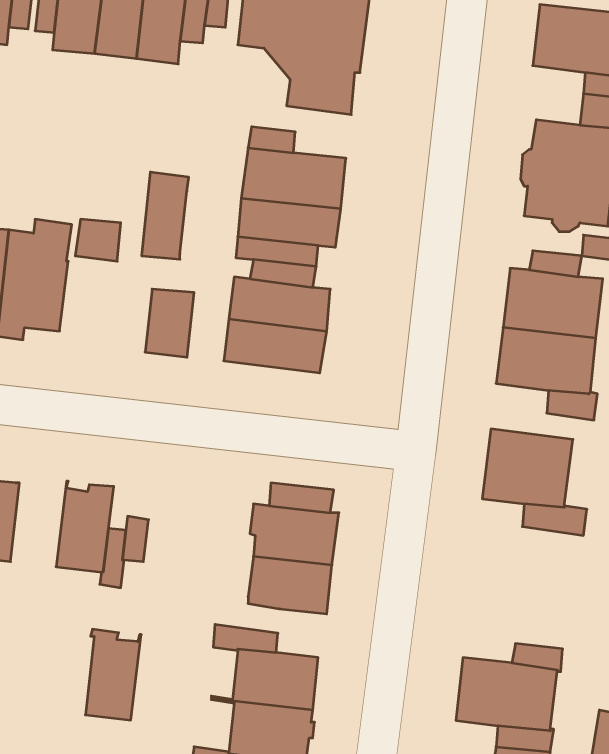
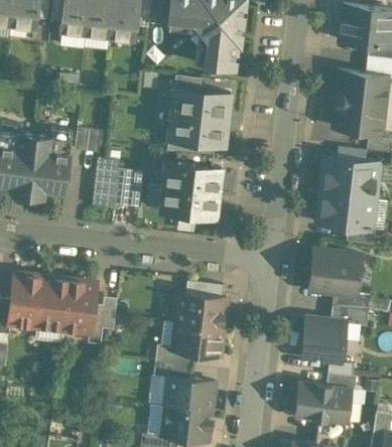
building: [142,172,189,259] -> [93,157,120,207]
building: none -> [301,316,346,361]
building: none -> [155,344,192,366]
building: [85,629,141,720] -> [37,276,70,328]

